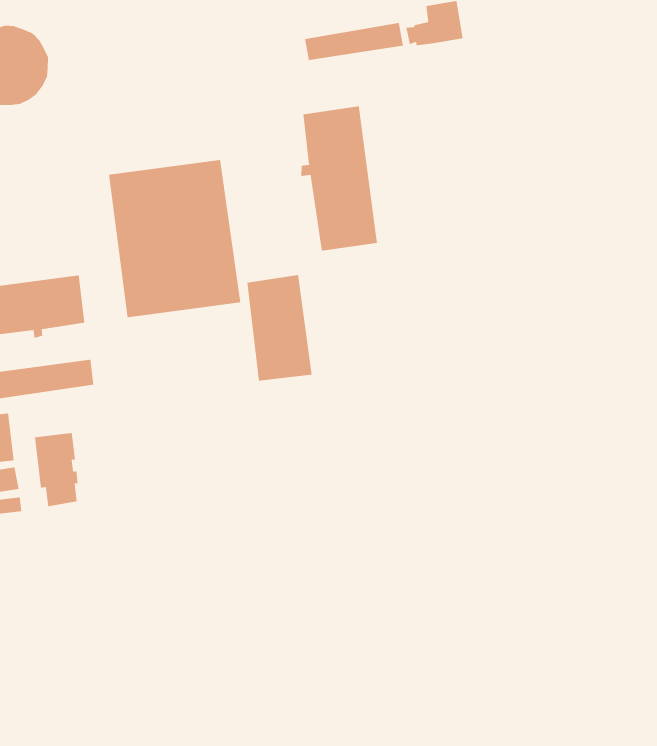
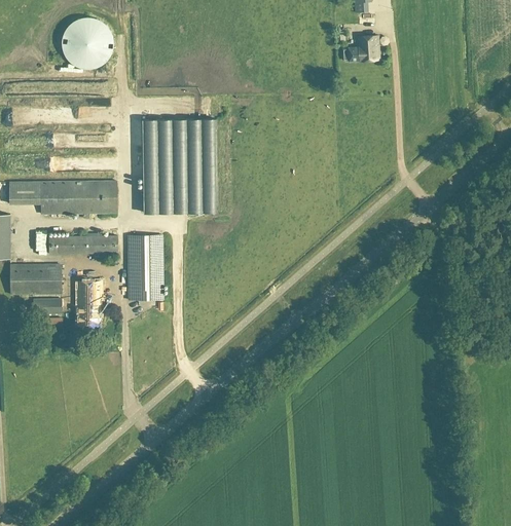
building: [304,22,403,61] -> none
building: [301,105,377,252] -> none
building: [246,275,312,381] -> [127,234,162,299]

